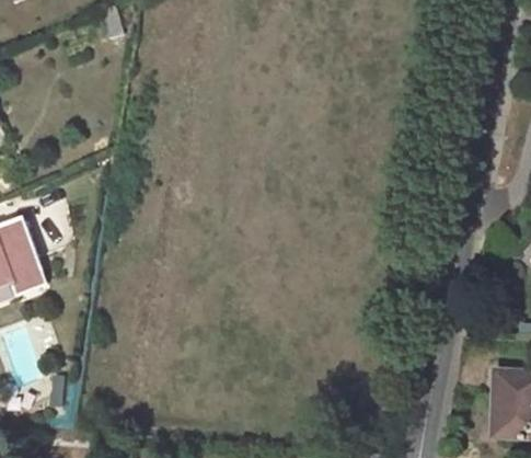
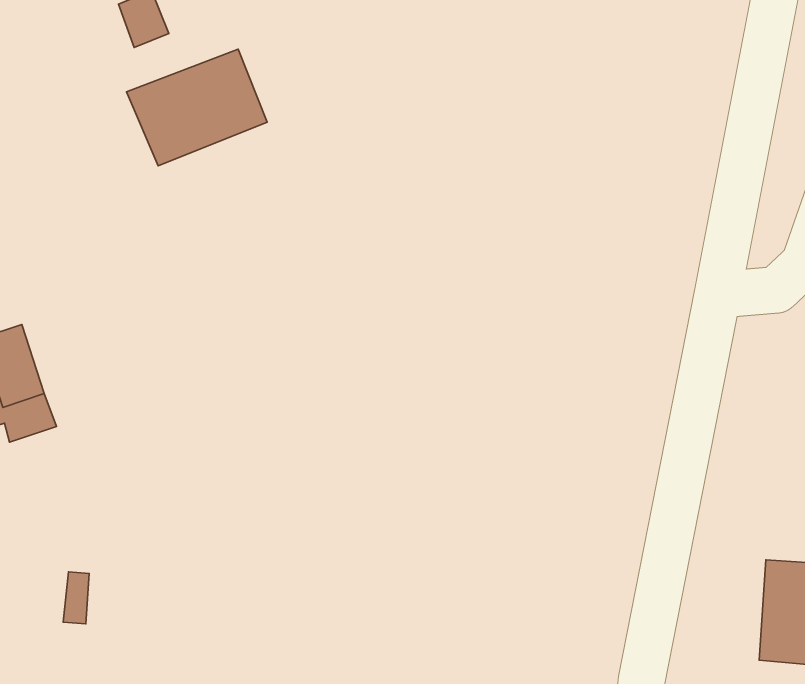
building: none -> [126,49,267,166]

